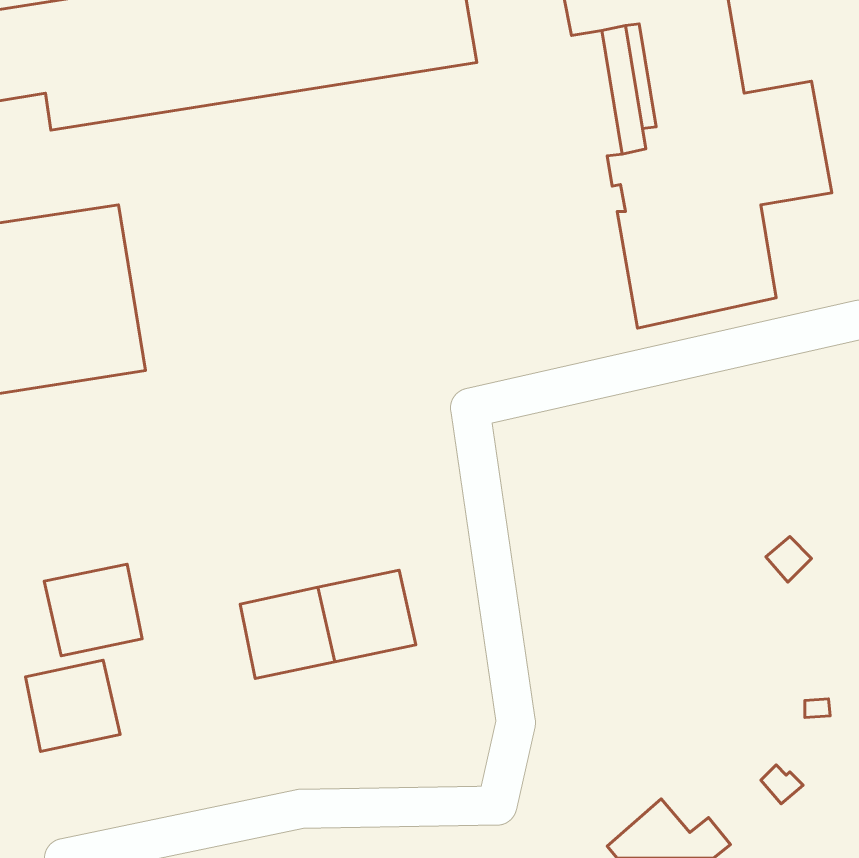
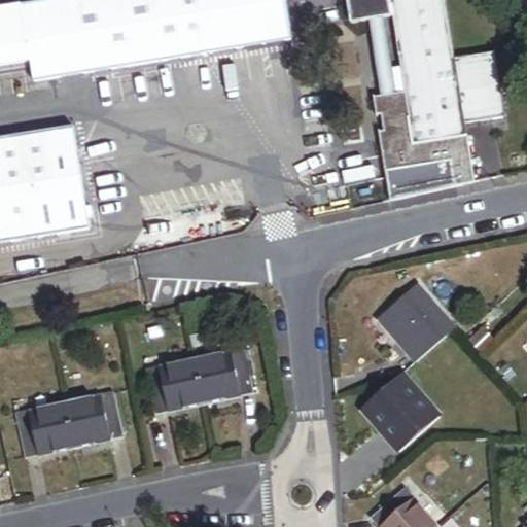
building: none -> [378,282,455,360]
building: [44,564,142,656] -> [63,391,122,447]
building: none -> [361,372,438,451]

